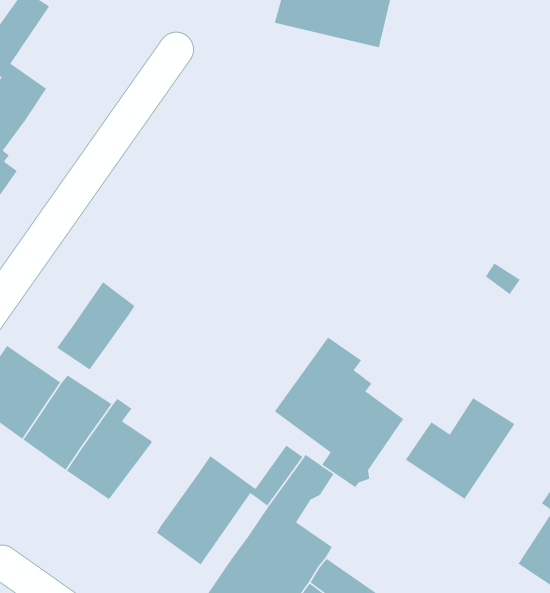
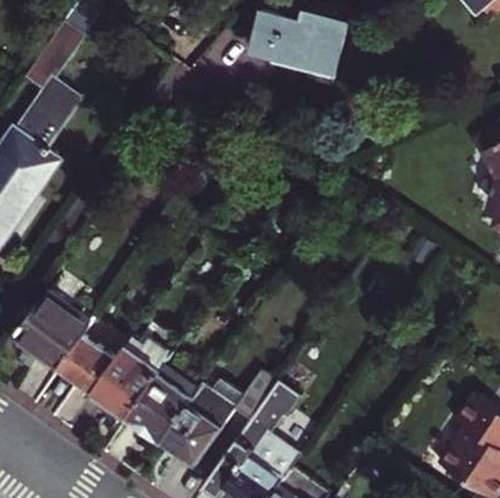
building: [56,281,135,371] -> none
building: [274,337,404,488] -> none
building: [405,397,515,500] -> none
building: none -> [125,374,192,443]

